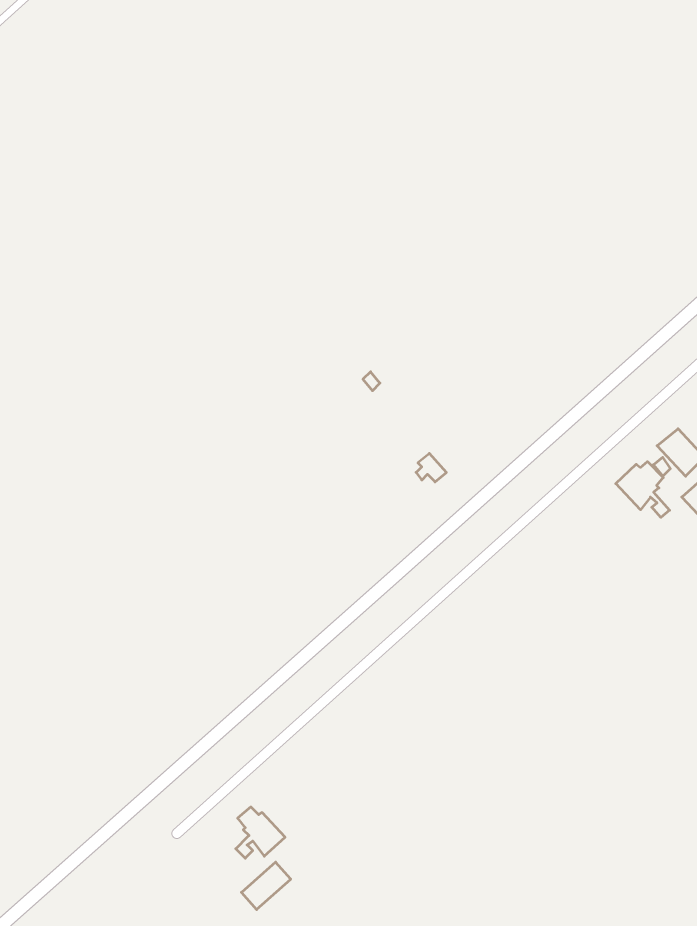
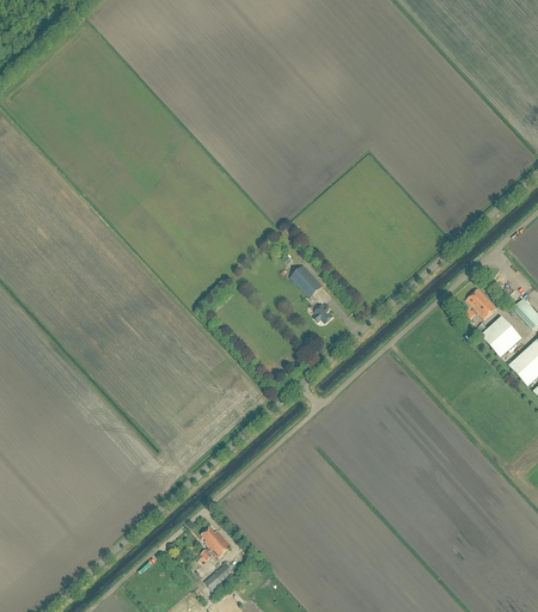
building: none -> [289,264,323,299]
building: [616,462,670,517] -> none

